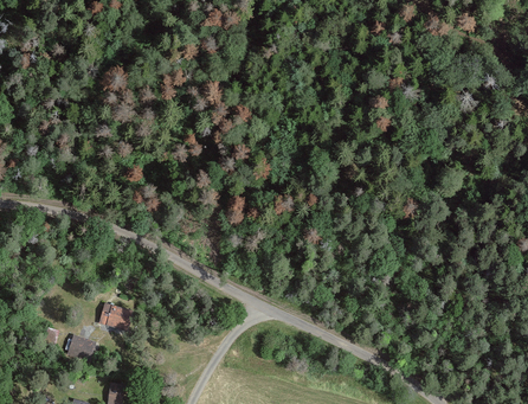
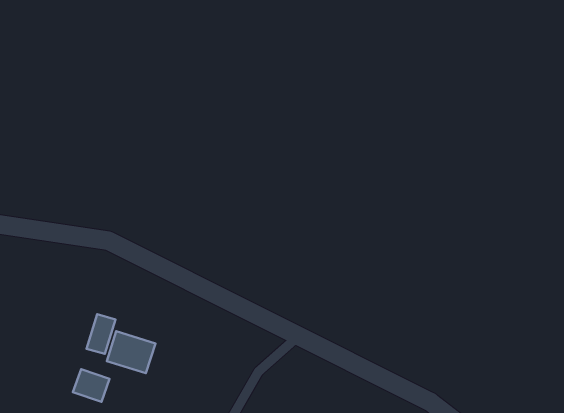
building: none -> [87,314,116,354]

